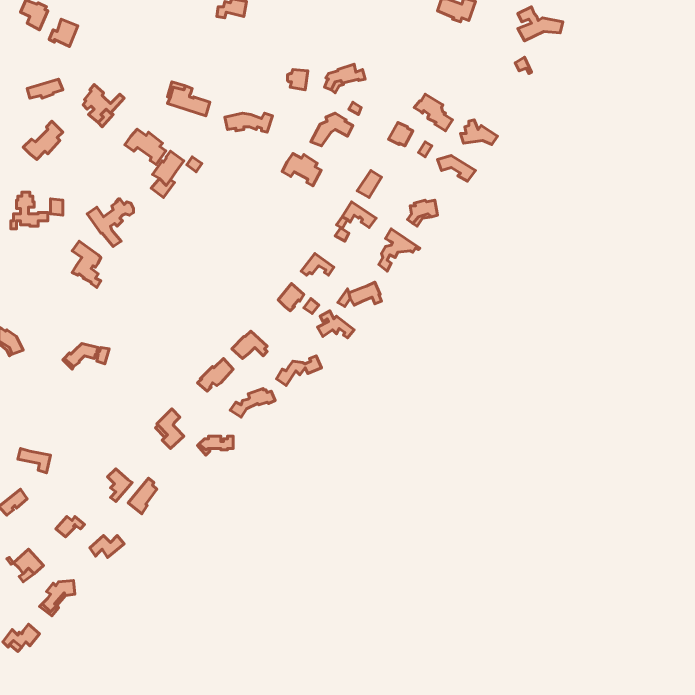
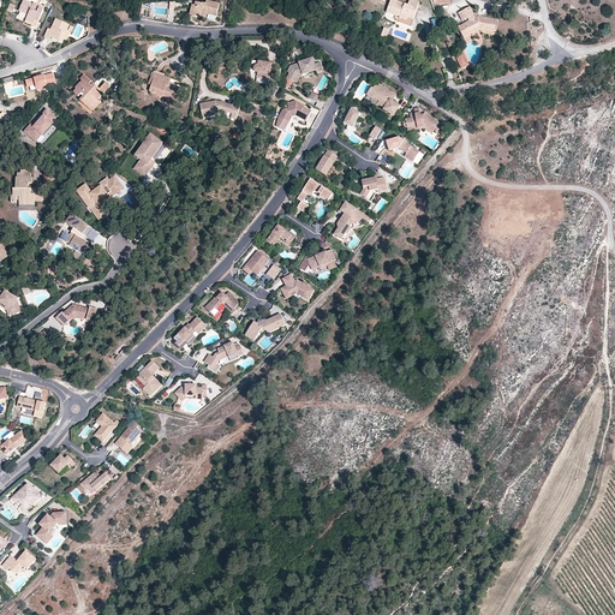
building: [125,129,166,165] -> none
building: [282,154,321,186] -> none

